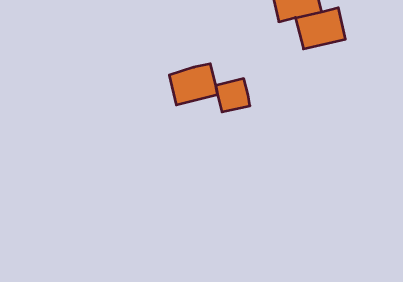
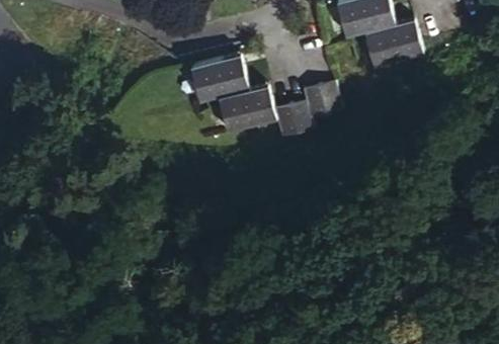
building: none -> [190,52,247,99]
building: none -> [303,81,341,118]

